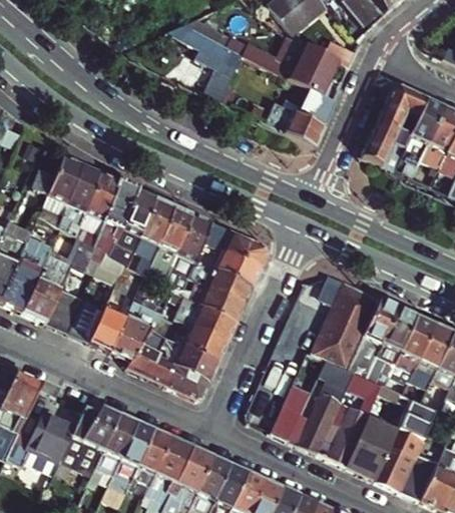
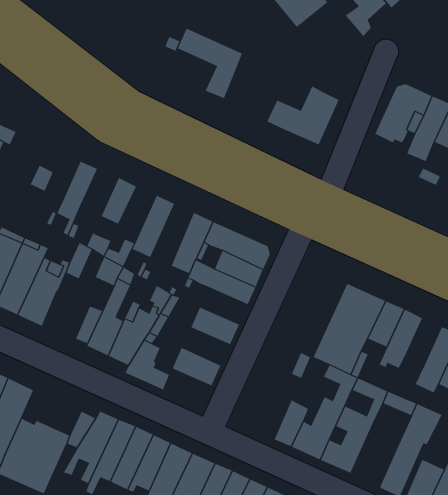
building: [243,43,339,93] -> none
building: [361,134,406,168] -> none
building: [49,151,83,198] -> none
building: [83,168,120,214] -> none
building: [120,185,157,231] -> none
building: [152,202,193,263] -> none
building: [197,283,247,320] -> none
building: [46,289,83,332] -> none
building: [400,314,435,360] -> none
building: [181,323,230,360] -> none
building: [155,357,211,398] -> none
building: [347,416,397,477] -> none

